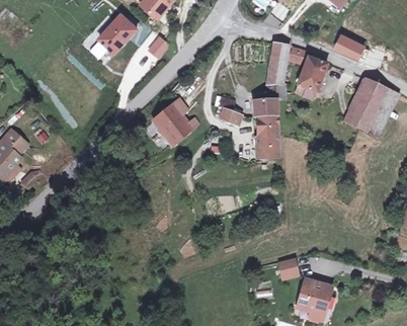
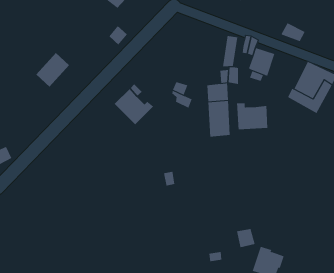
building: [96,15,134,54] -> [36,52,70,87]
building: none -> [237,103,268,130]

